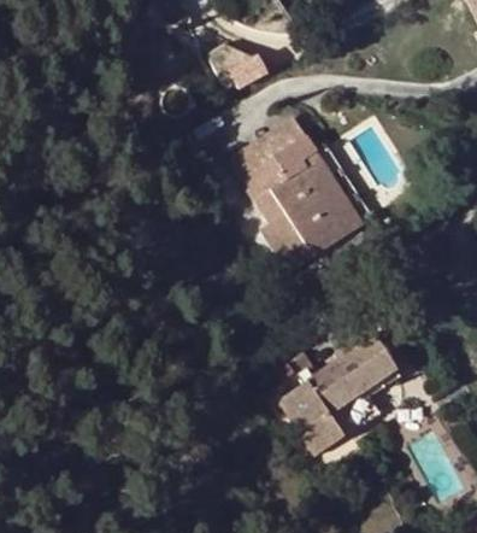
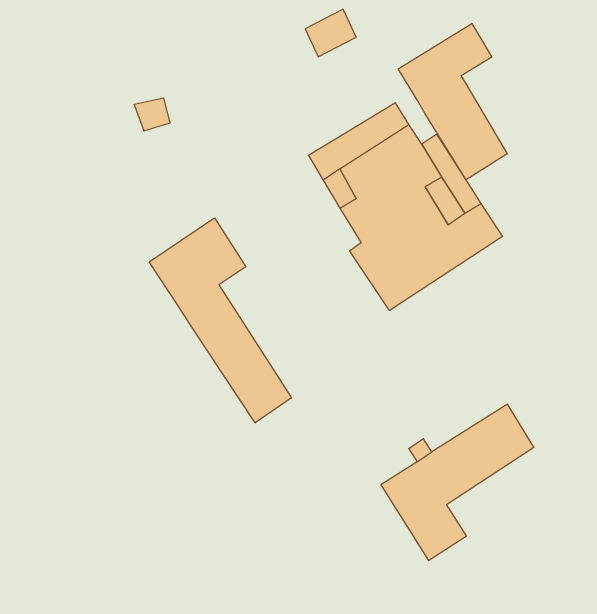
building: none -> [398,23,507,180]
building: none -> [149,218,291,423]

